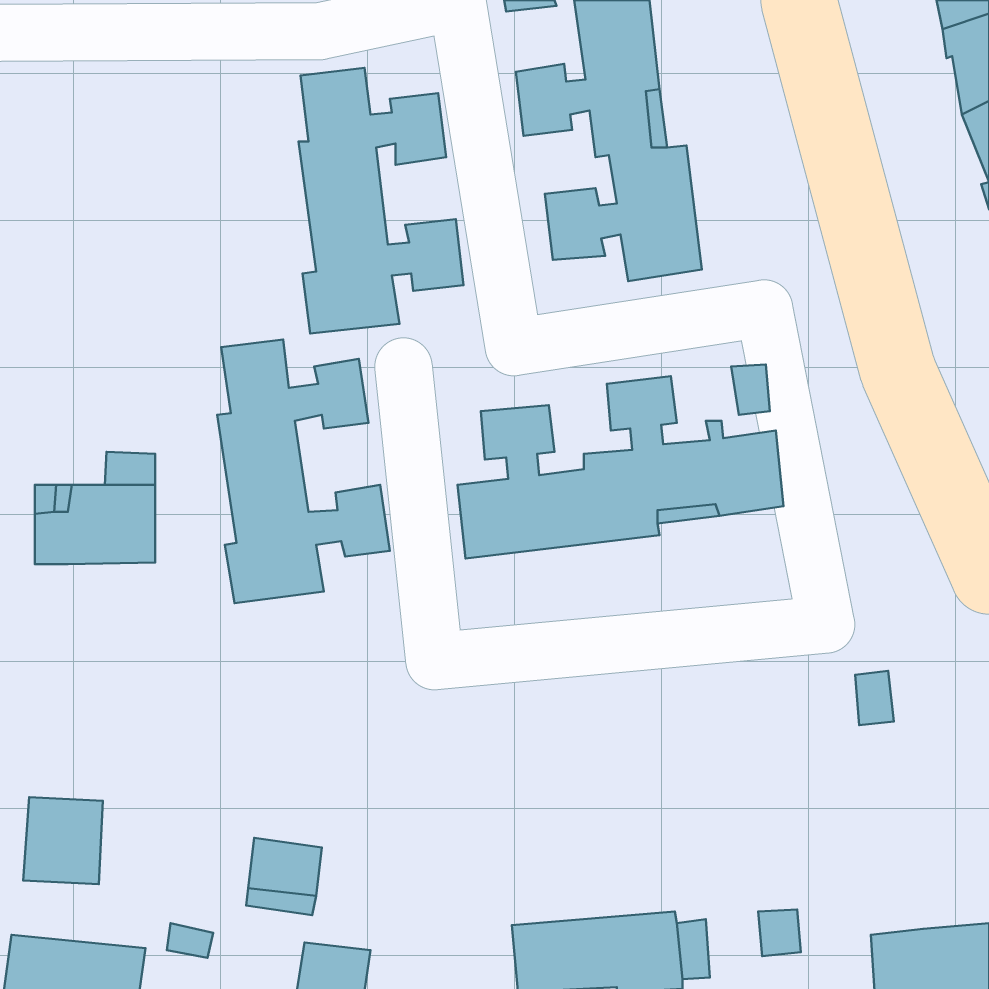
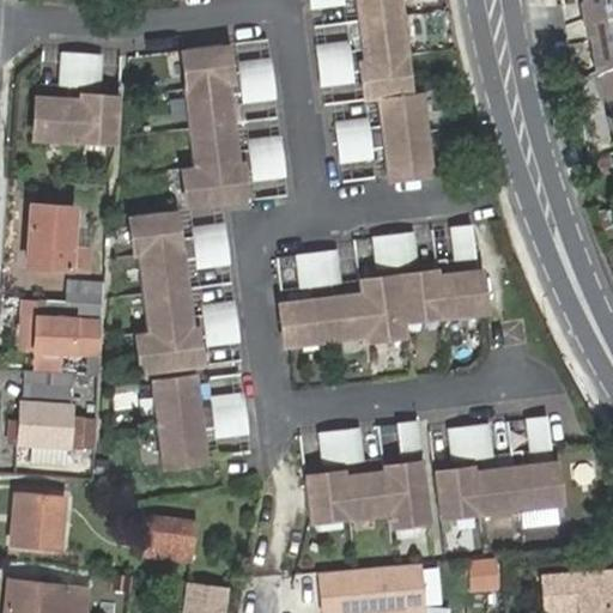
building: none -> [36,54,117,145]
building: none -> [31,207,92,272]
building: none -> [41,348,96,372]
building: none -> [152,381,248,463]
building: none -> [18,388,96,447]
building: none -> [308,420,431,522]
building: none -> [436,423,560,515]

